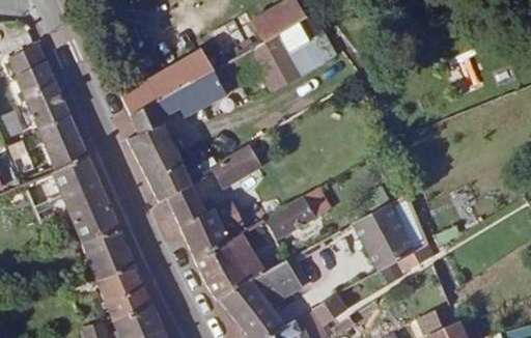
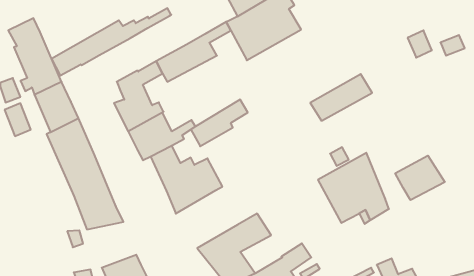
building: [120,41,253,116] -> [52,8,171,76]
building: [262,189,331,241] -> [310,74,372,121]
building: none -> [395,156,445,200]
building: [195,236,263,302] -> none
building: [96,272,151,322] -> none

